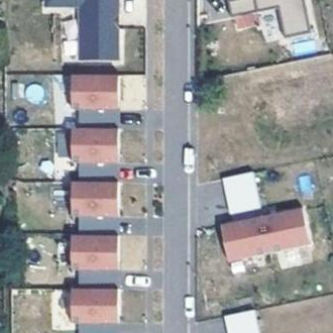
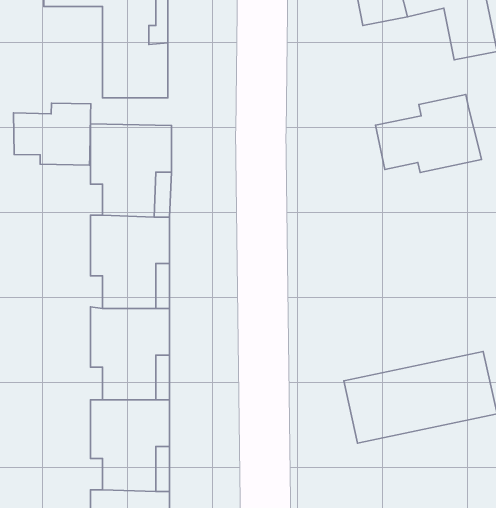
building: none -> [376,95,481,172]
building: none -> [13,103,91,165]
building: [222,172,257,202] -> none

